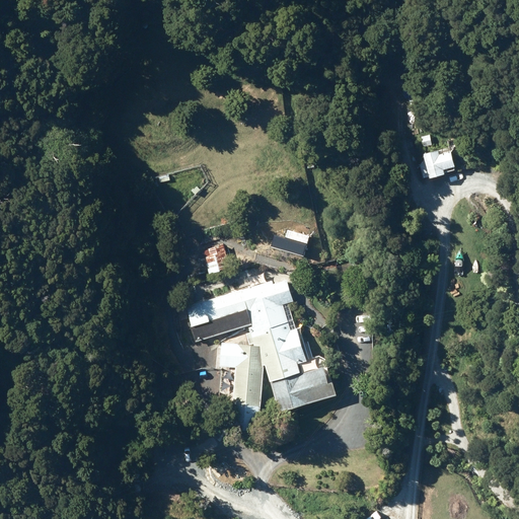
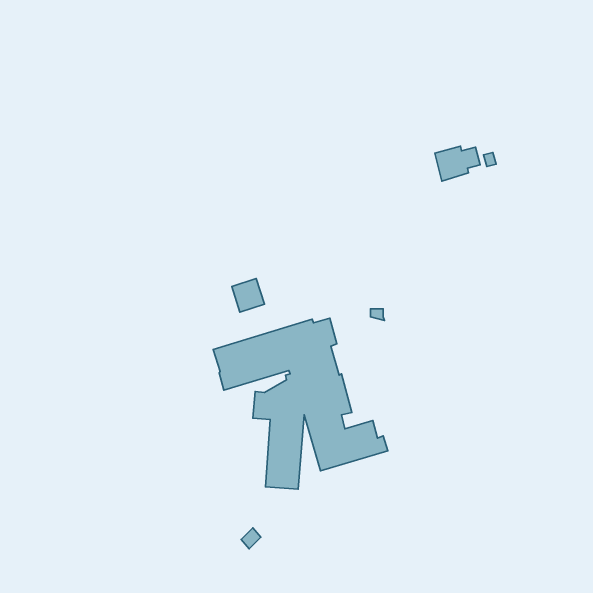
building: [416,149,455,179] -> [435,146,480,181]

